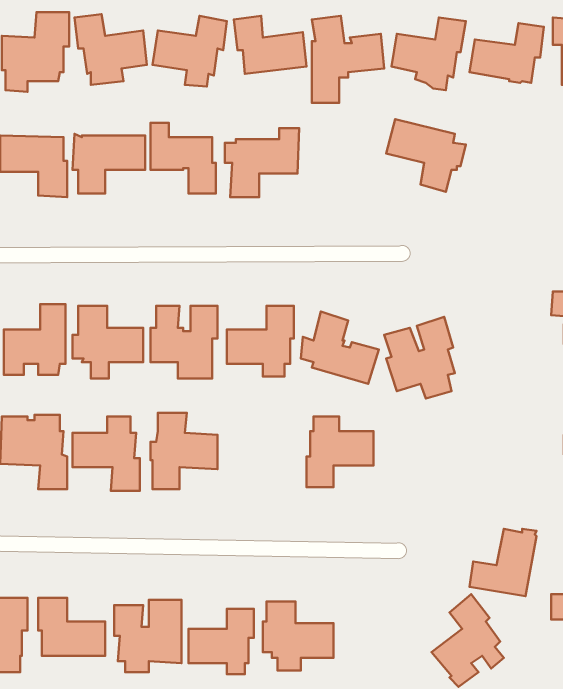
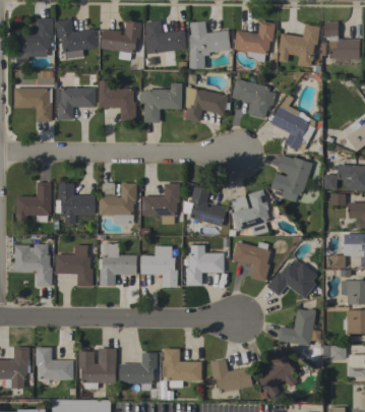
building: none -> [184,85,228,122]
building: none -> [270,95,314,151]
building: none -> [270,156,312,201]
building: none -> [232,241,270,282]
building: none -> [140,246,177,287]
building: none -> [266,261,317,298]
building: none -> [209,359,253,393]

